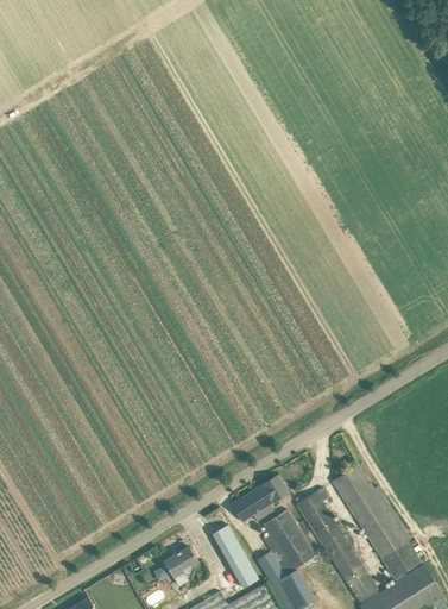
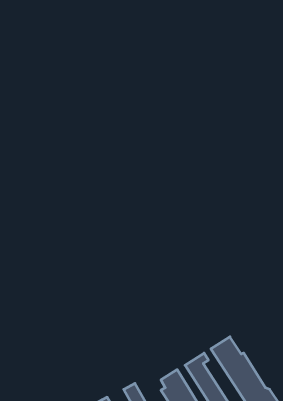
building: [232,475,290,522] -> none

